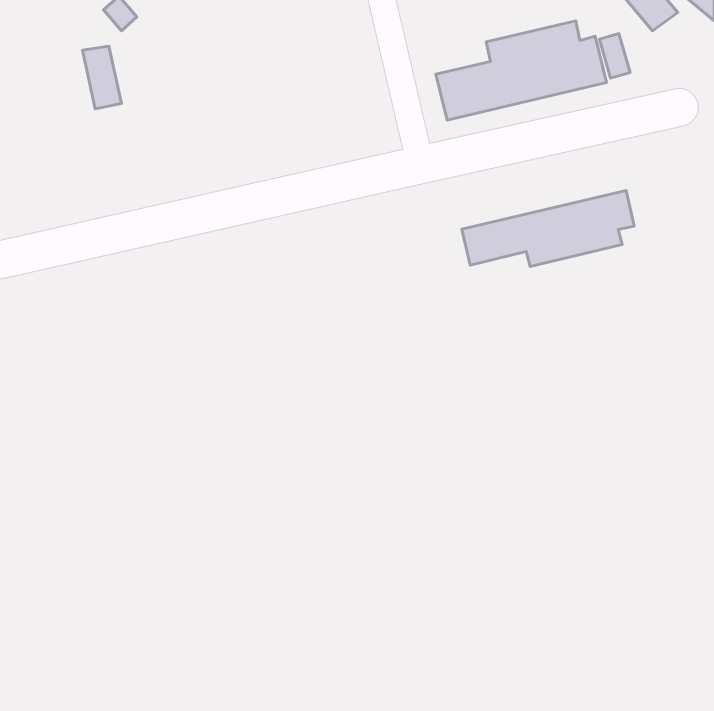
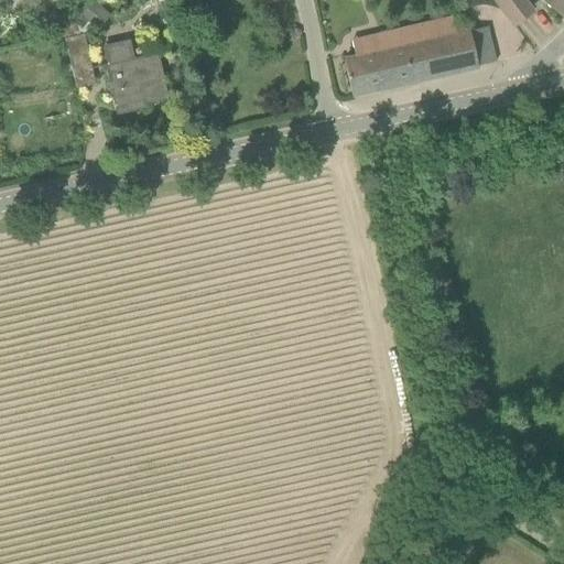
building: none -> [102,36,169,107]
building: [462,190,634,267] -> none

